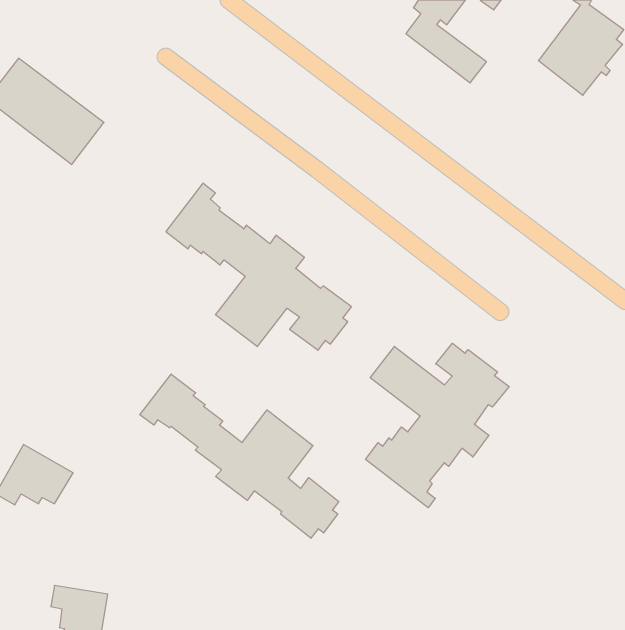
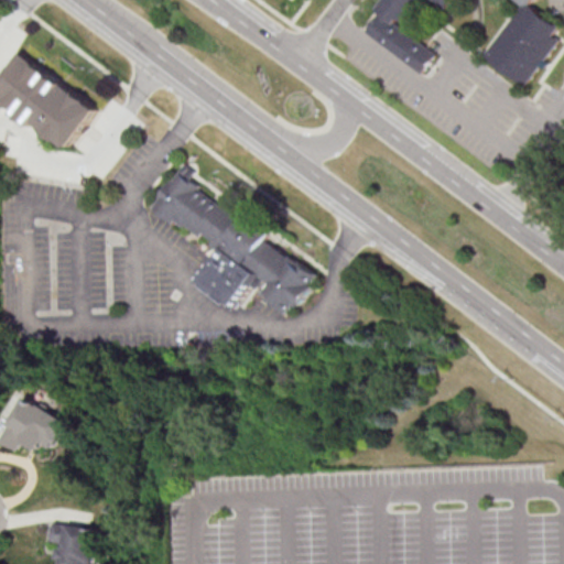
building: [366,343,509,508] -> none
building: [140,374,339,538] -> none

